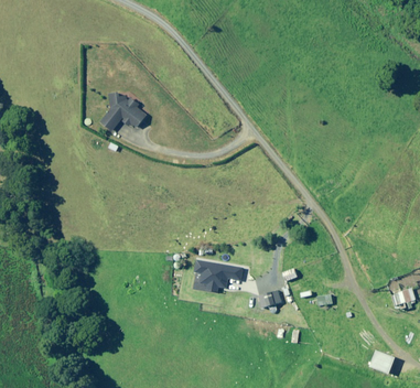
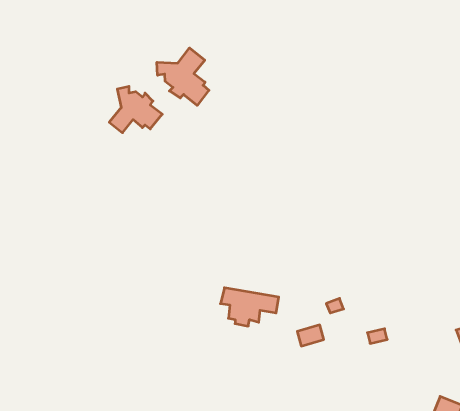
building: none -> [157,48,209,105]

